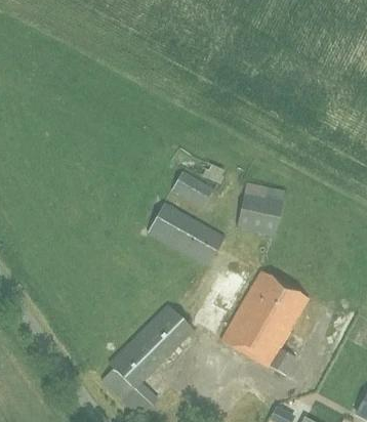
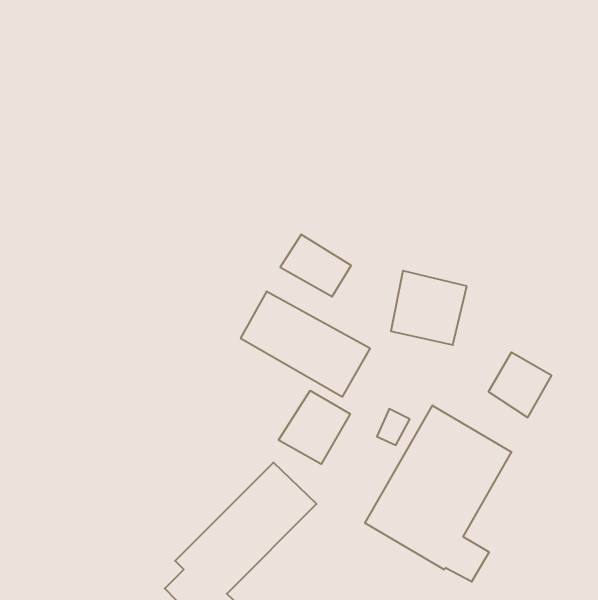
building: none -> [489,352,551,418]
building: none -> [279,391,350,464]

